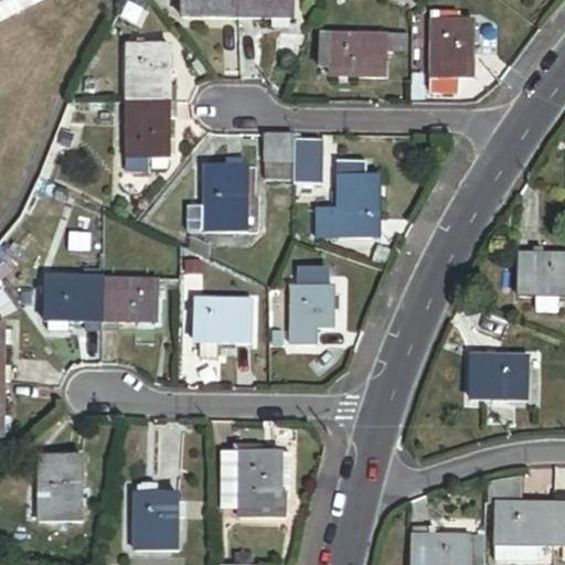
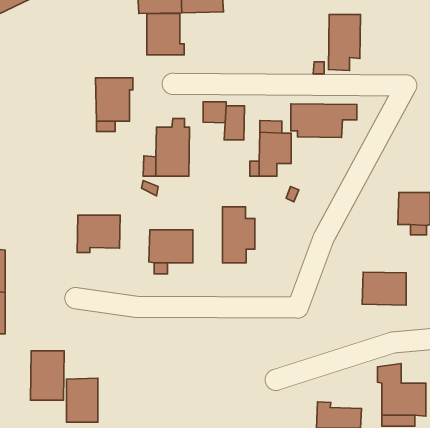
building: [318,29,404,73] -> [291,104,357,138]
building: [125,47,173,102] -> [147,13,184,55]
building: [39,269,102,332] -> none
building: [218,444,285,515] -> none
building: [137,494,178,552] -> [67,378,98,422]

